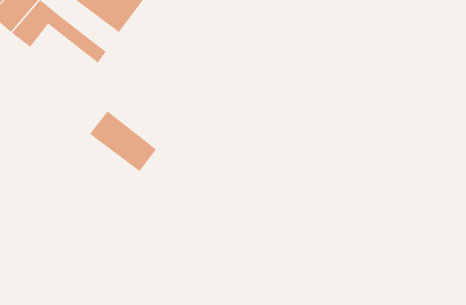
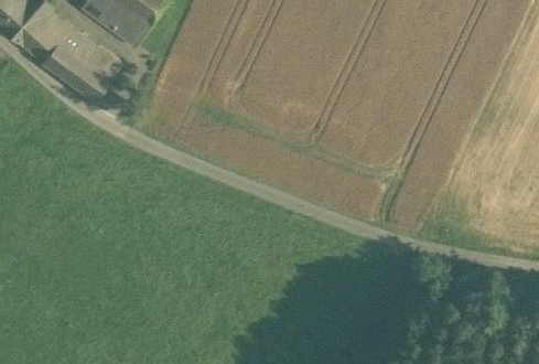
building: [89,110,157,172] -> [41,38,111,101]

